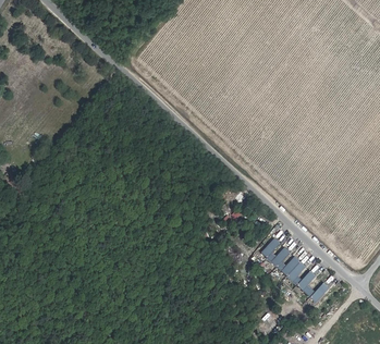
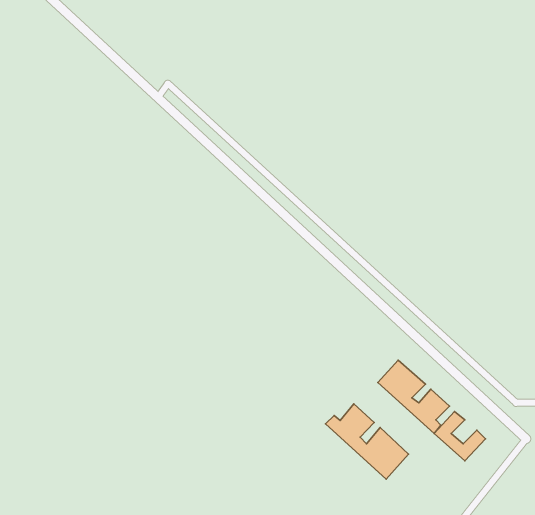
building: none -> [325,404,409,479]

